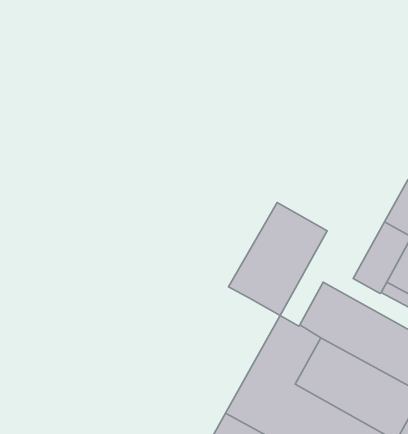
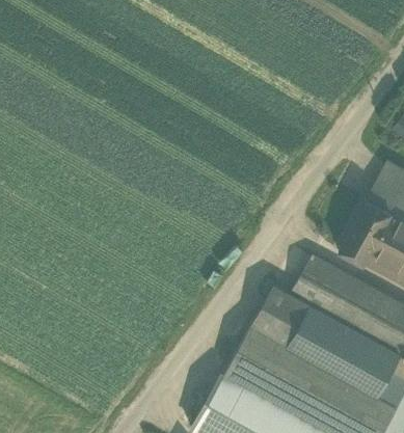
building: [228,202,327,316] -> none

